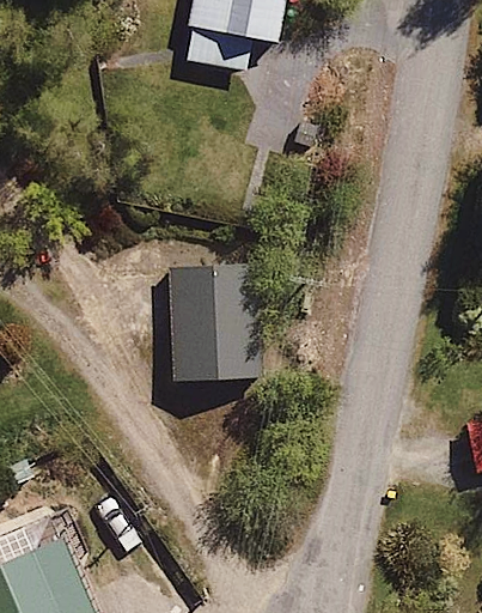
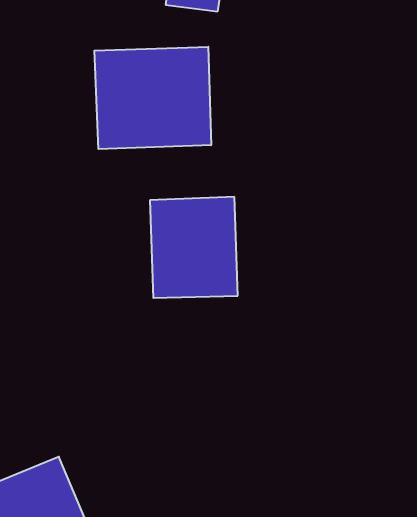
building: none -> [94,47,211,149]

